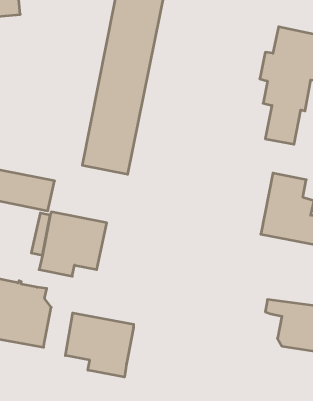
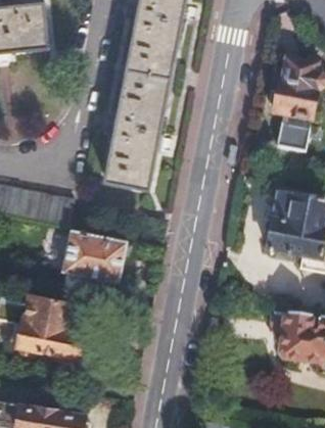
building: [65,313,134,377] -> none

